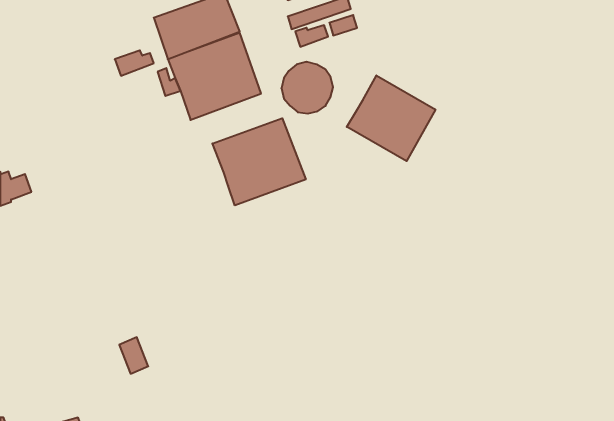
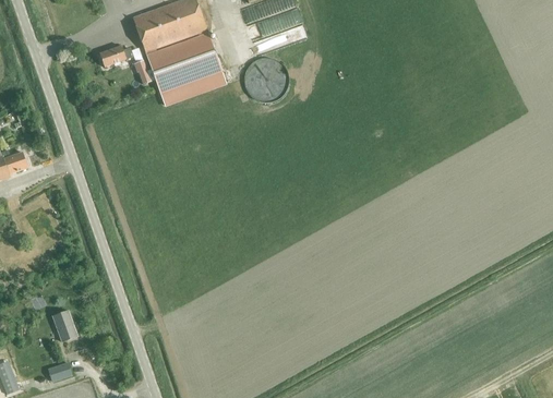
building: [347,75,435,161] -> none
building: [212,118,306,205] -> none
building: [119,337,148,374] -> [51,311,76,342]

